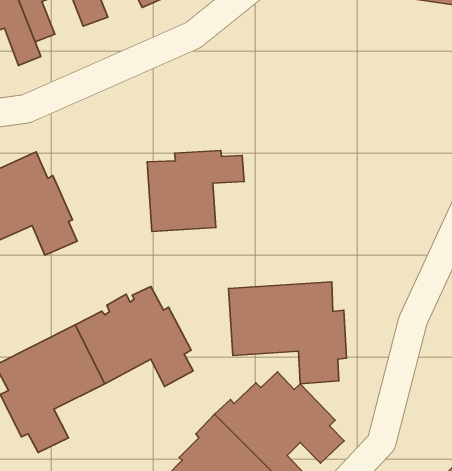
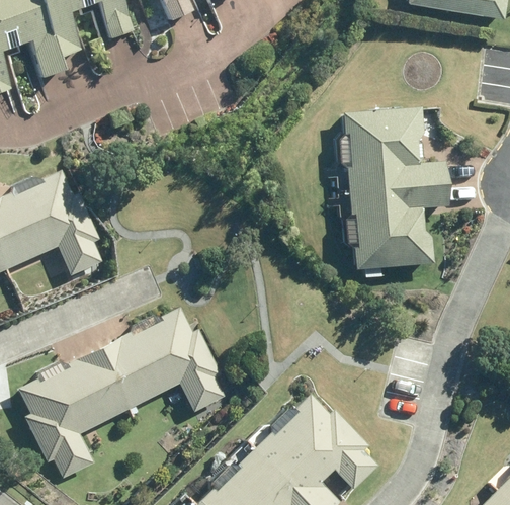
building: none -> [335,108,448,269]
building: [147,151,244,232] -> none
building: [229,282,346,384] -> none

